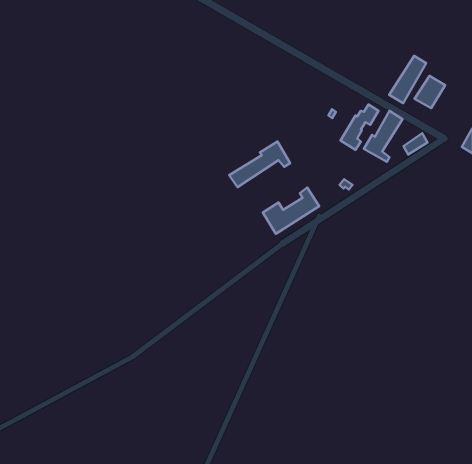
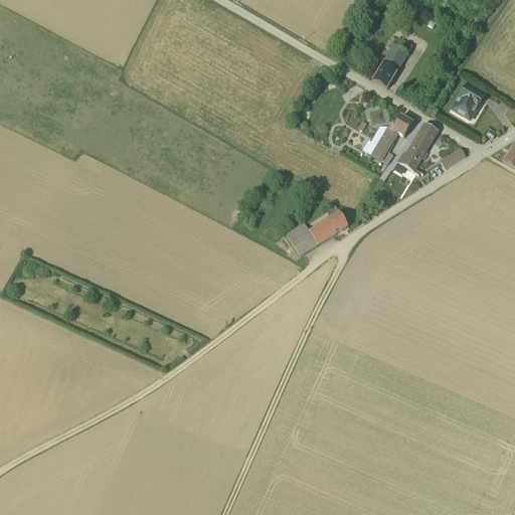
building: [389,56,426,103] -> [372,35,412,87]
building: [229,141,290,187] -> none

